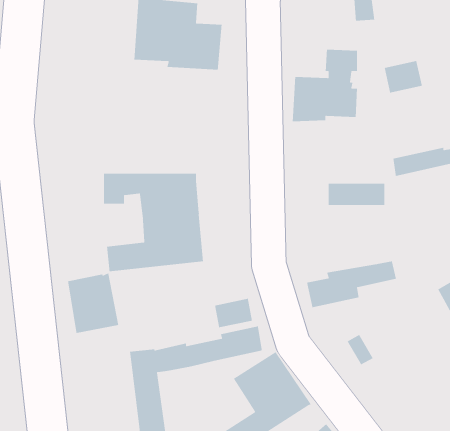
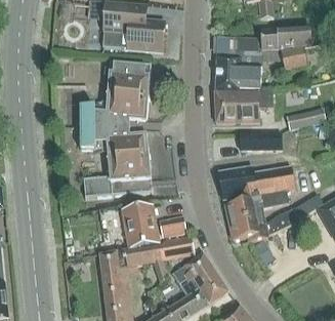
building: none -> [260,25,310,49]
building: none -> [79,58,151,125]
building: none -> [214,89,273,121]
building: none -> [219,166,294,199]
building: none -> [228,193,322,241]
building: [67,272,119,334] -> [122,203,159,247]

